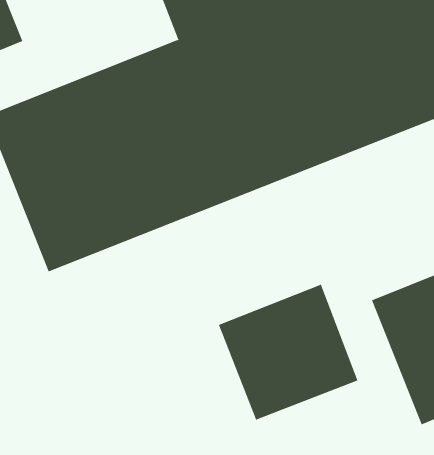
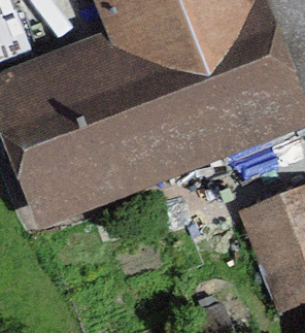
building: [218,284,358,420] -> none

